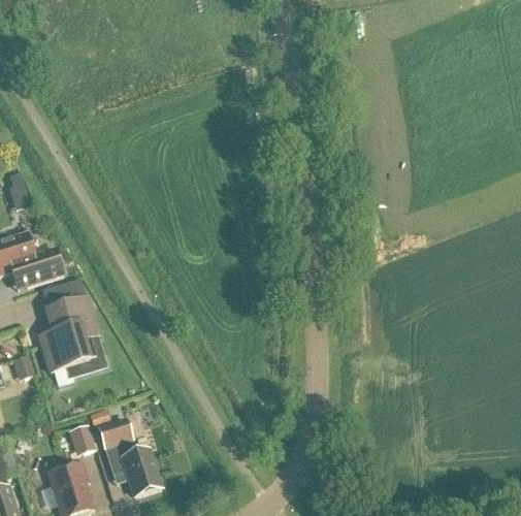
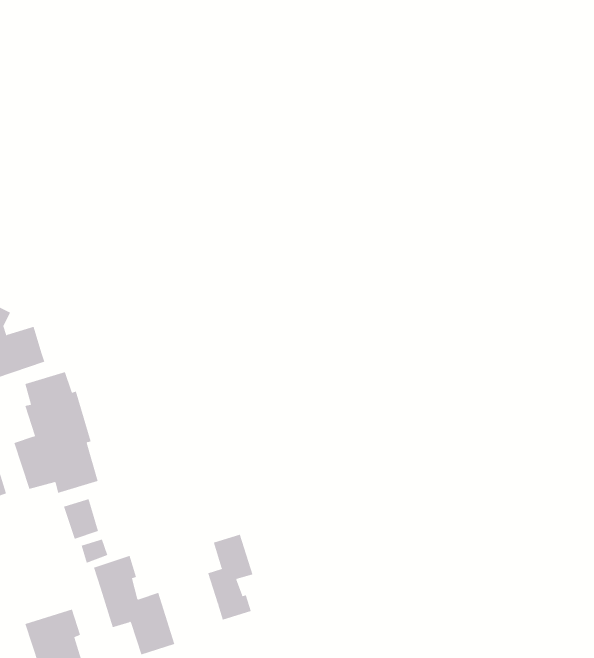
building: none -> [207,534,253,620]
building: [69,424,96,455] -> [63,498,99,540]

